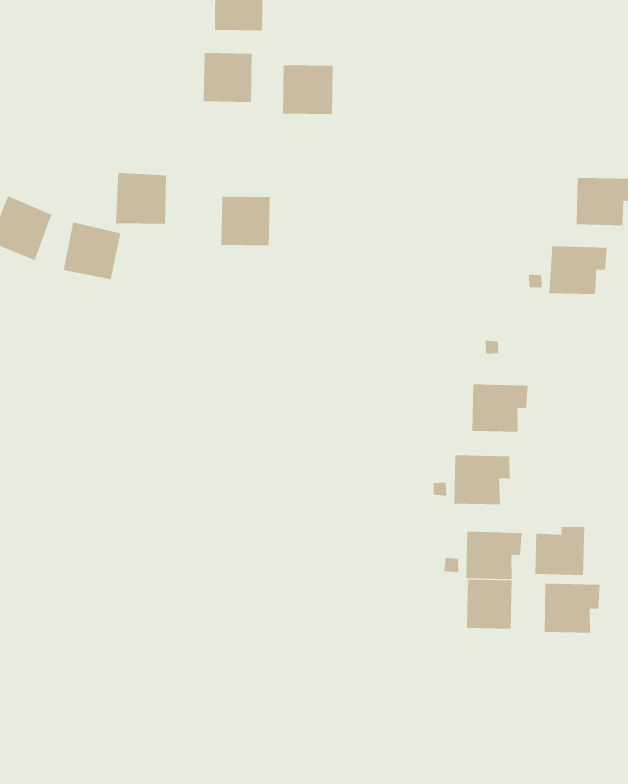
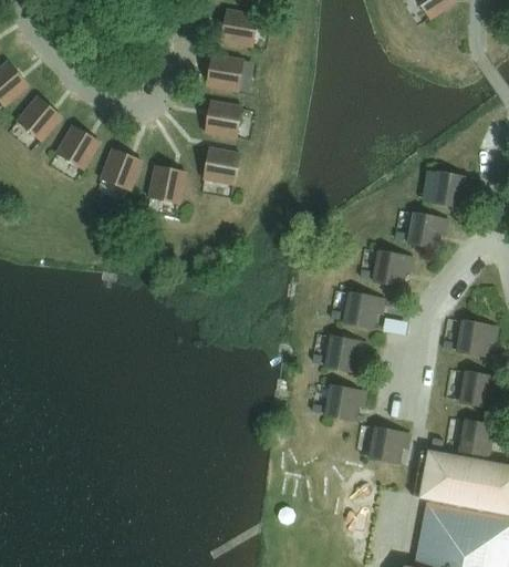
building: [282,65,334,114] -> [204,101,241,137]
building: [115,173,167,224] -> [147,165,185,203]
building: none -> [372,250,413,287]
building: [535,526,585,576] -> none
building: [466,579,512,630] -> none

